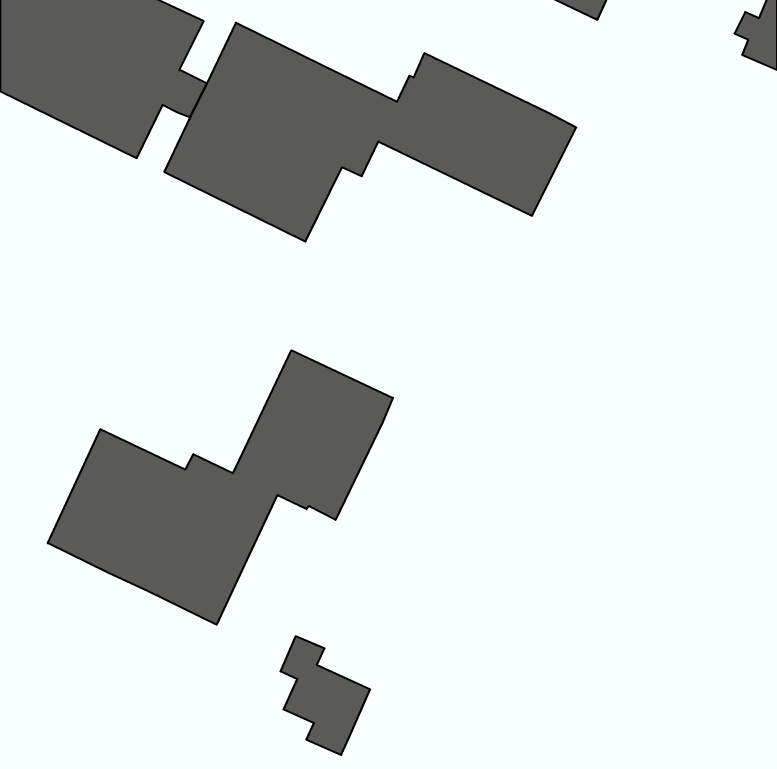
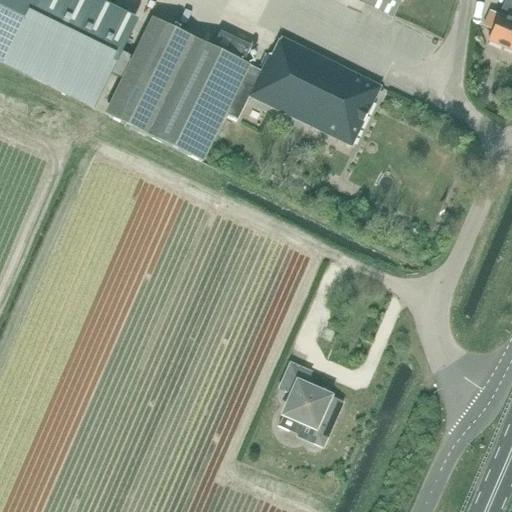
building: [48,350,393,625] -> none
building: [280,636,370,755] -> [281,363,340,441]

